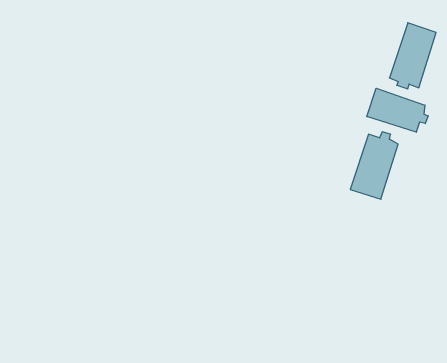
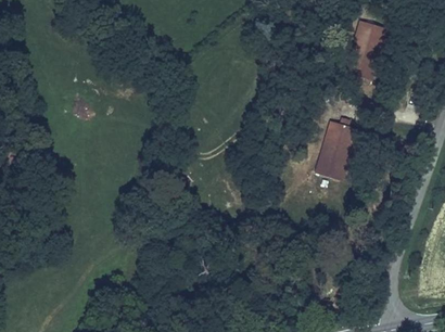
building: [367,88,428,132] -> none

